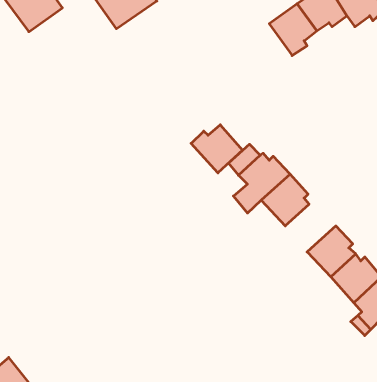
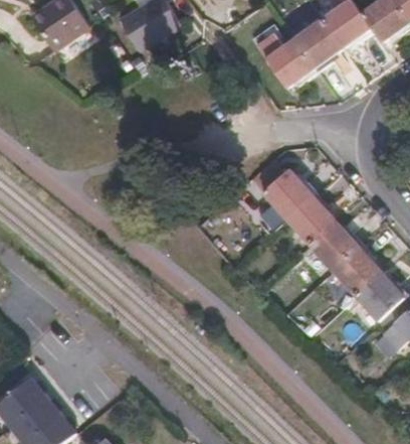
building: none -> [258,36,318,88]
building: [191,125,243,173] -> none
building: none -> [306,223,362,277]

